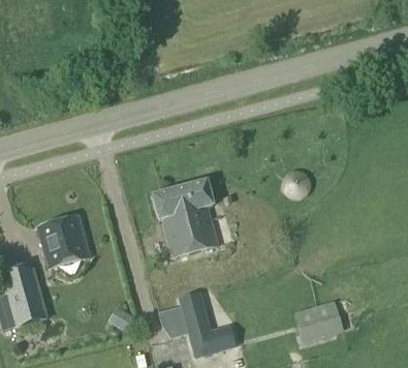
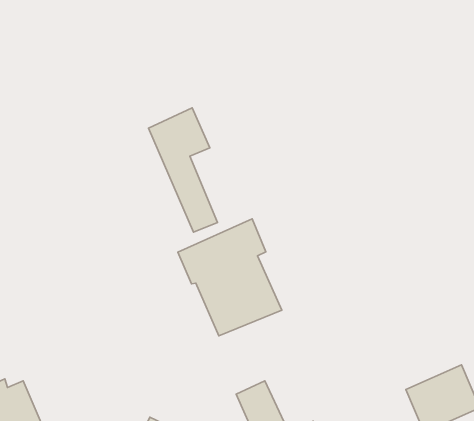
building: none -> [149,108,217,232]
building: [37,214,88,267] -> none

